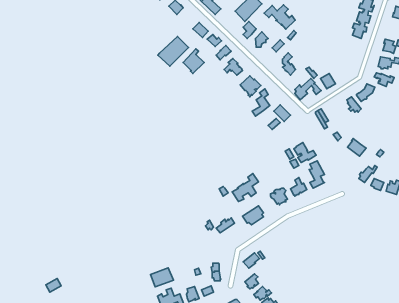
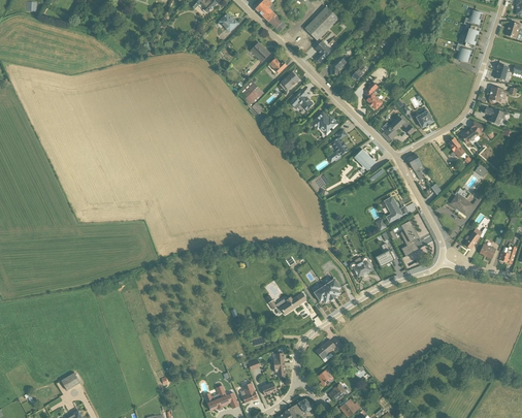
building: [264,5,295,29] -> none
building: [158,36,188,66] -> none
building: [232,174,259,202] -> none
building: [150,268,173,287] -> none

